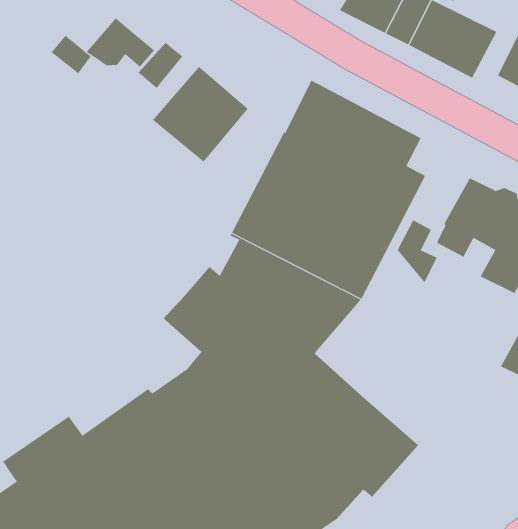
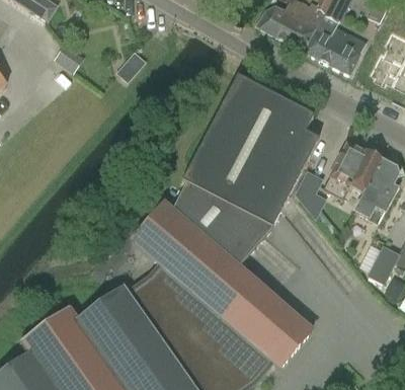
building: [86,17,155,68] -> none
building: [152,66,248,163] -> none

